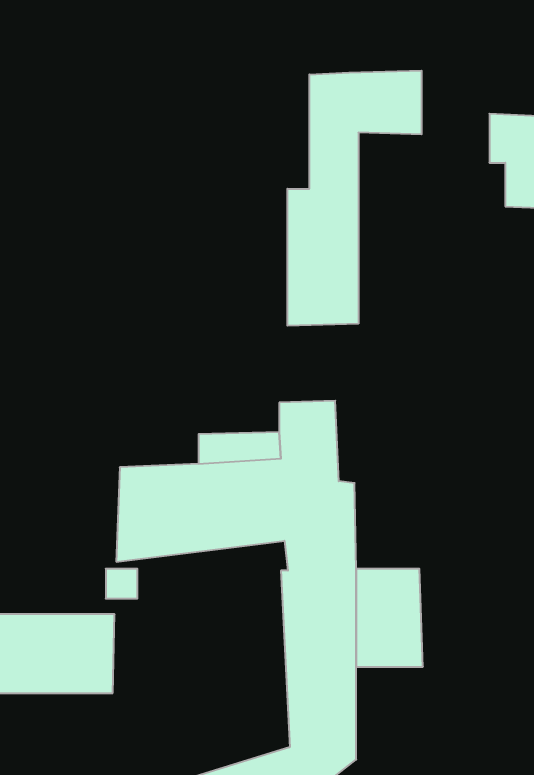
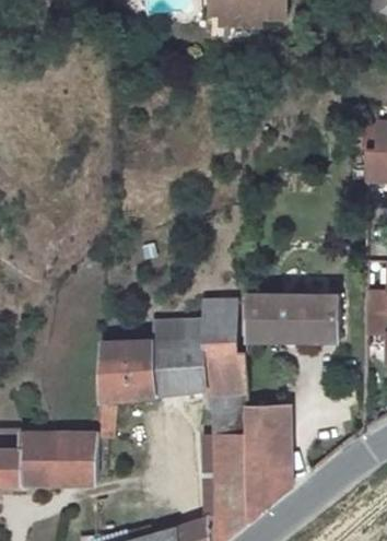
building: [287,71,422,326] -> none
building: none -> [246,294,340,339]
building: none -> [249,467,292,525]

